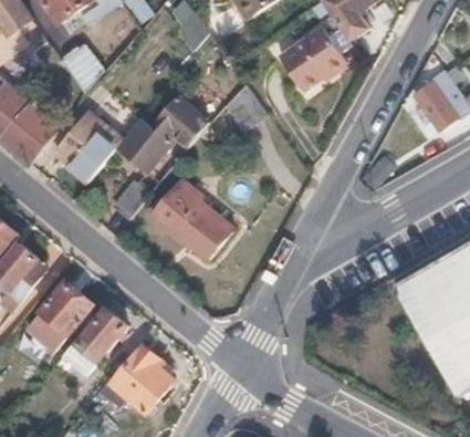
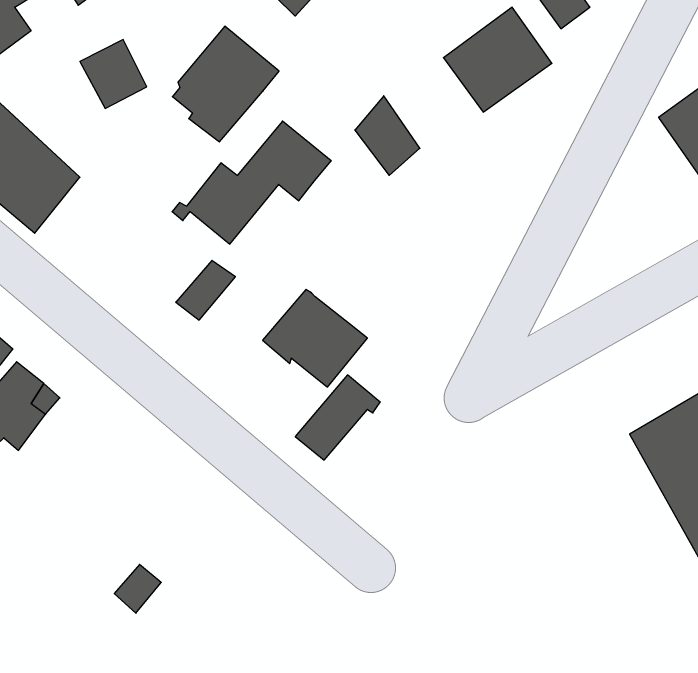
building: [59,111,124,181] -> [172,26,279,142]
building: [152,177,203,229] -> [295,375,380,460]
building: [28,282,92,348] -> none
building: [77,312,123,361] -> none
building: [114,344,169,406] -> none

